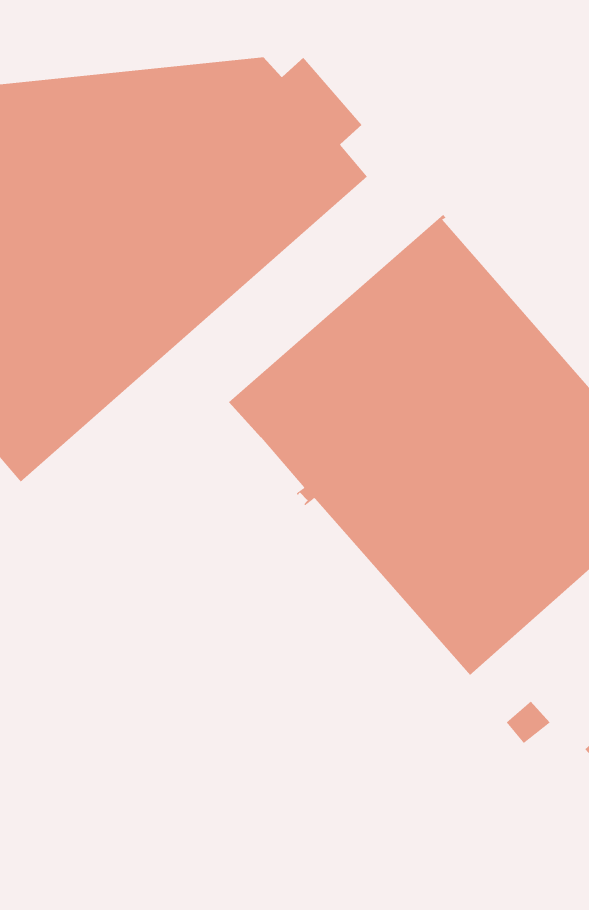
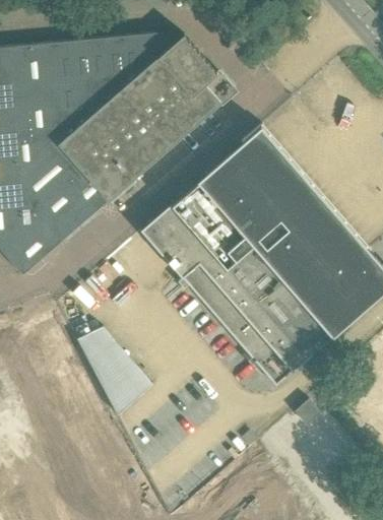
building: none -> [78,327,154,415]

